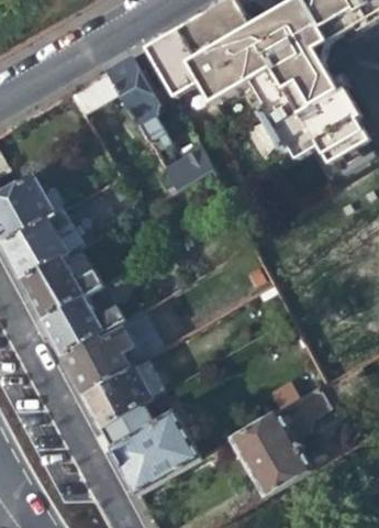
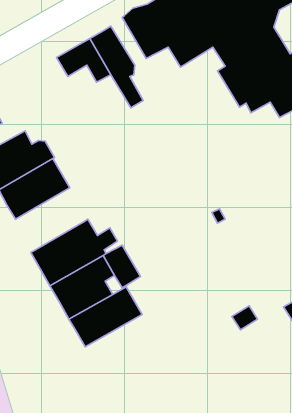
building: [163,147,211,190] -> none
building: [20,246,98,319] -> none
building: [230,389,327,496] -> none
building: [100,404,198,494] -> none

